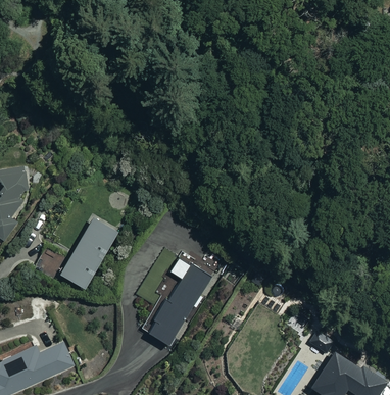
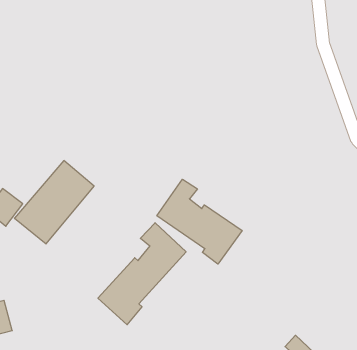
building: none -> [157,179,242,264]

